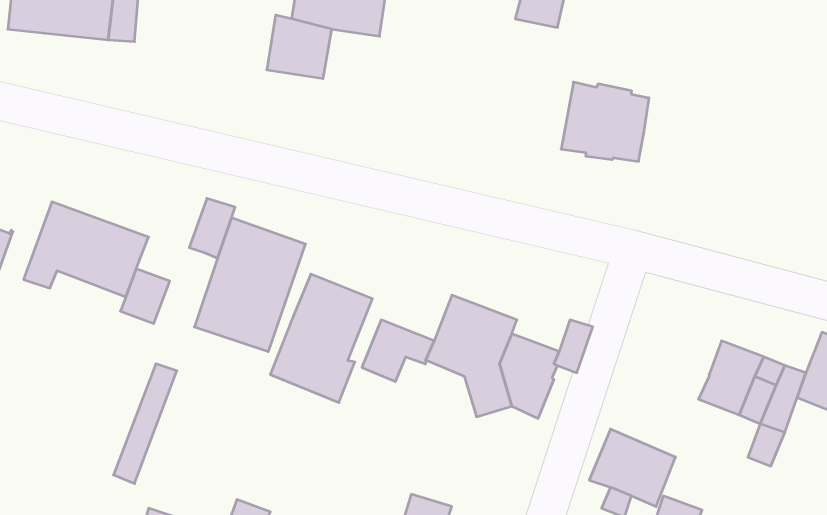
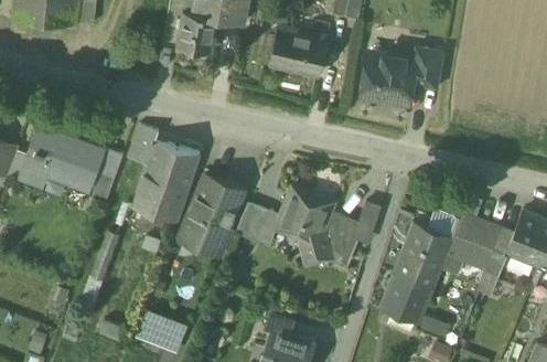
building: none -> [269,23,329,77]
building: none -> [412,47,444,89]
building: none -> [392,221,453,288]

